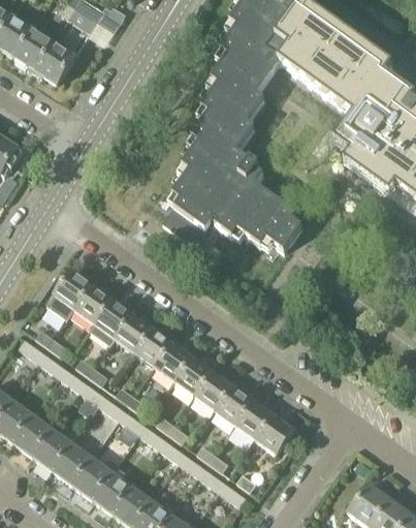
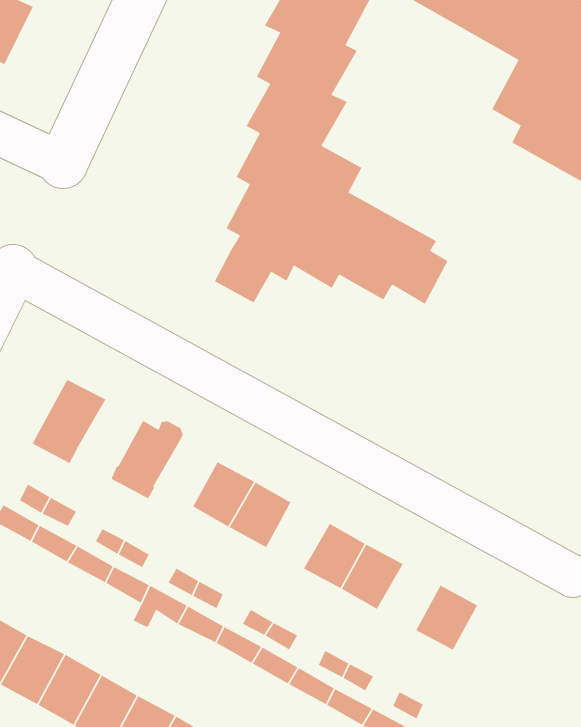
building: [74,285,115,324] -> none
building: [115,314,153,353] -> none
building: [175,358,214,397] -> none
building: [235,401,274,440] -> none

